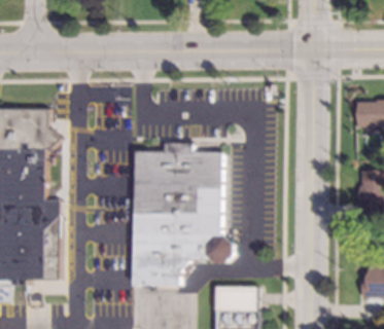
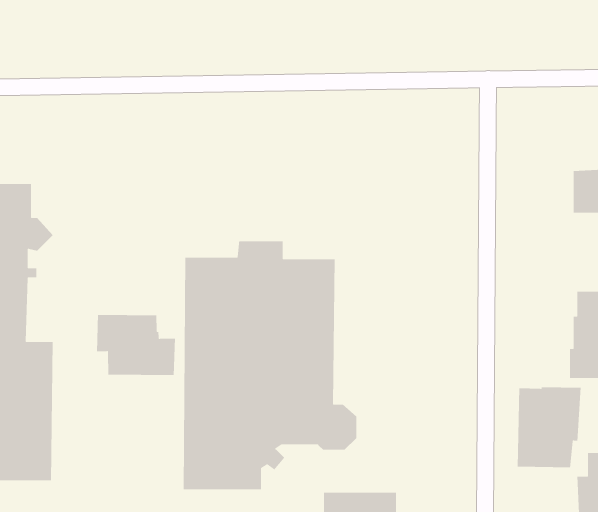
building: none -> [96,314,176,376]
building: none -> [517,386,581,468]

